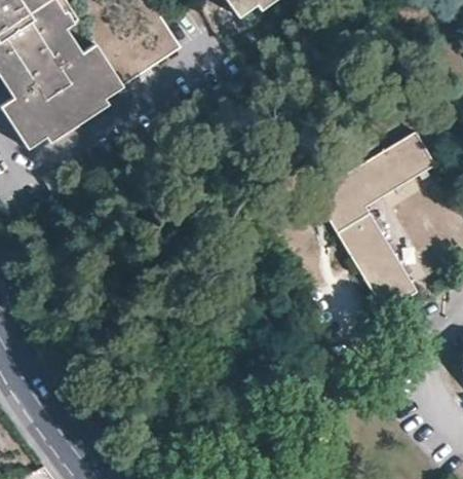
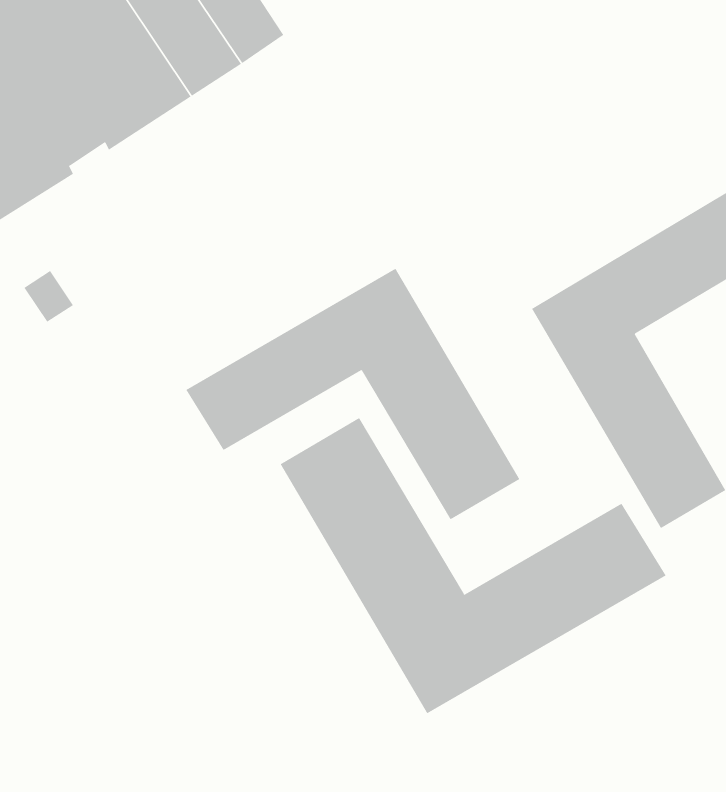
building: none -> [185,268,520,520]
building: none -> [280,417,667,714]

